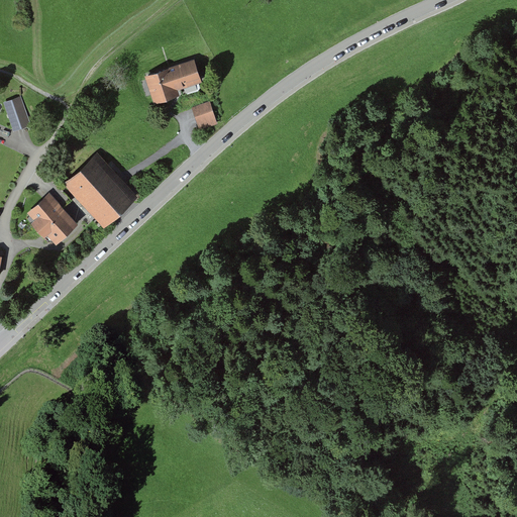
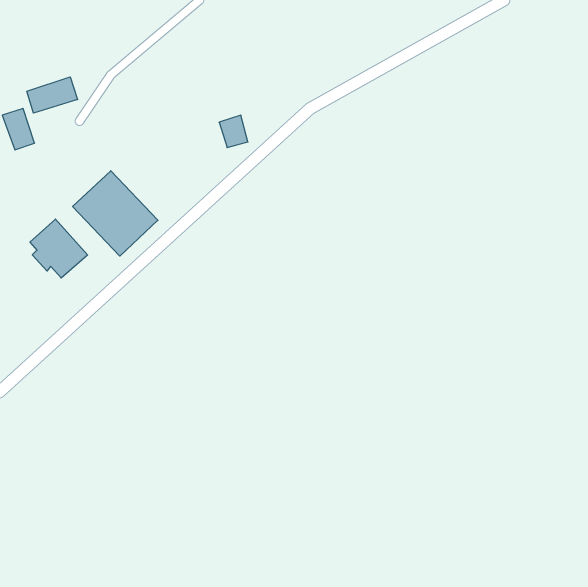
building: [144,61,202,104] -> none
building: none -> [27,77,78,113]

